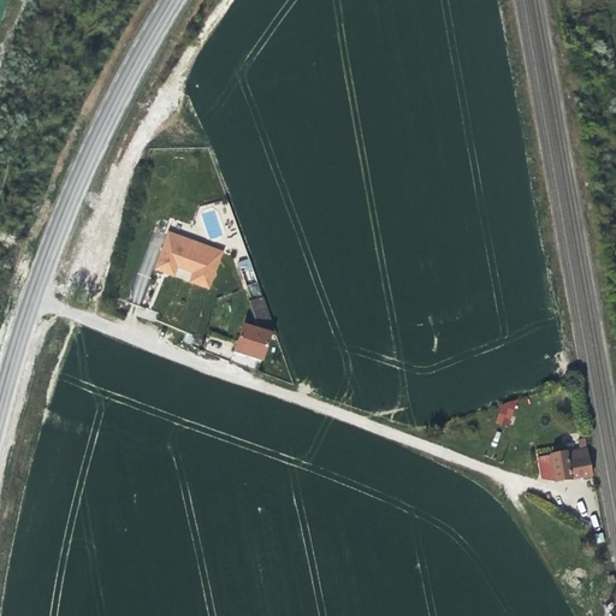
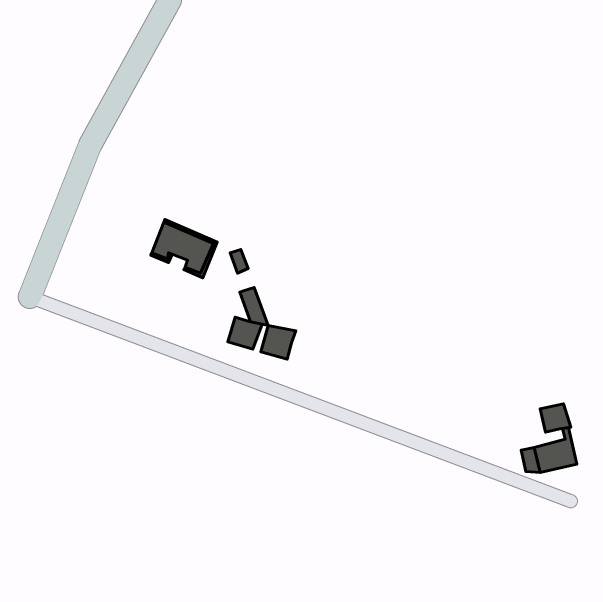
building: none -> [261,325,296,359]
building: none -> [540,404,571,432]

